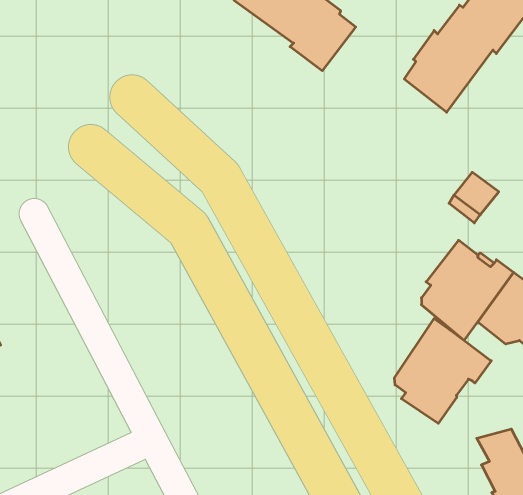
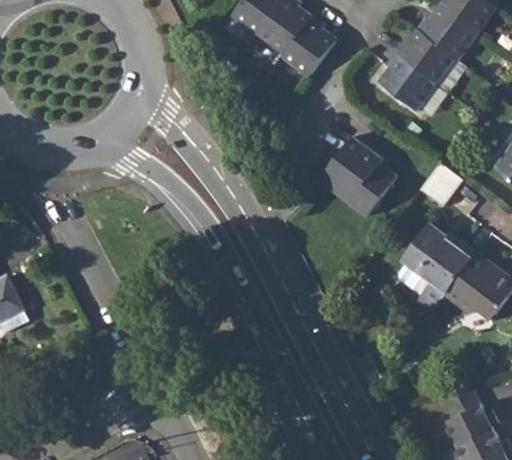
building: none -> [324,138,397,218]
building: [394,319,491,423] -> none

